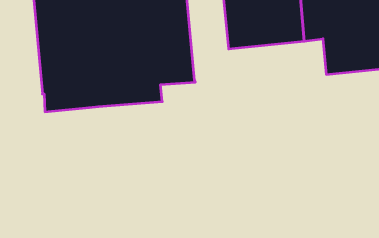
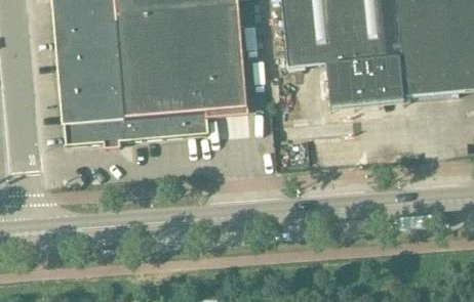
building: none -> [328,58,405,107]

